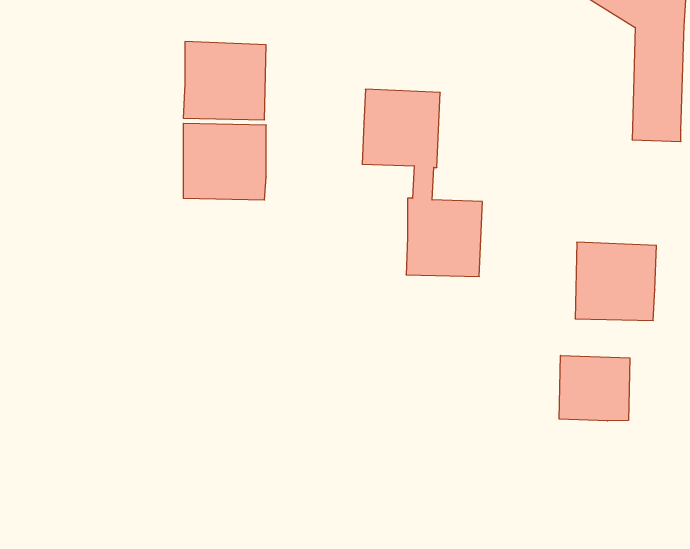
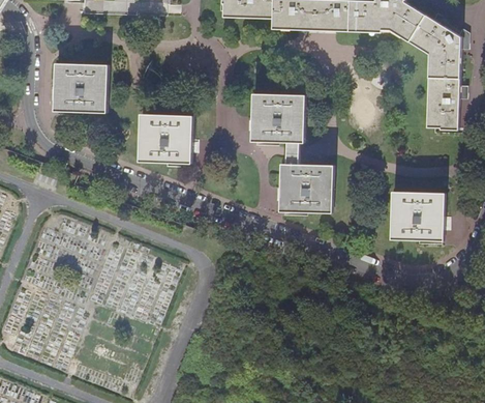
building: [183,42,266,120] -> [55,62,108,112]
building: [559,355,630,421] -> none

